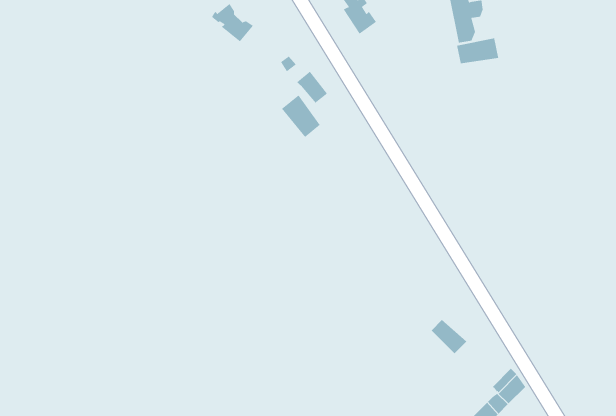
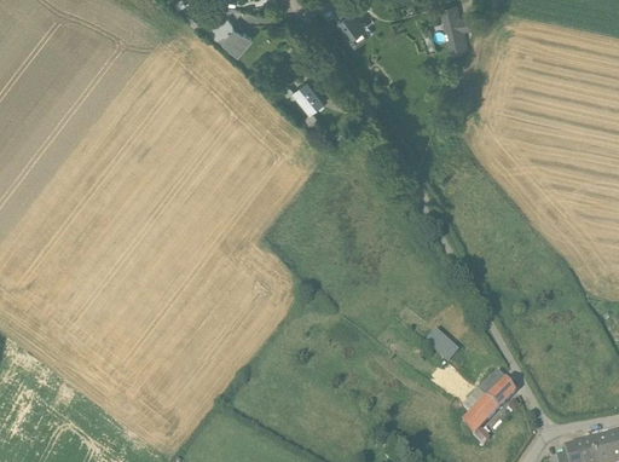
building: [457,38,499,64] -> none
building: [281,94,321,138] -> none

